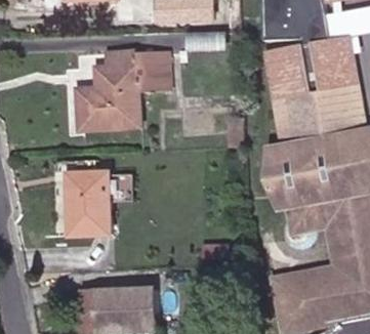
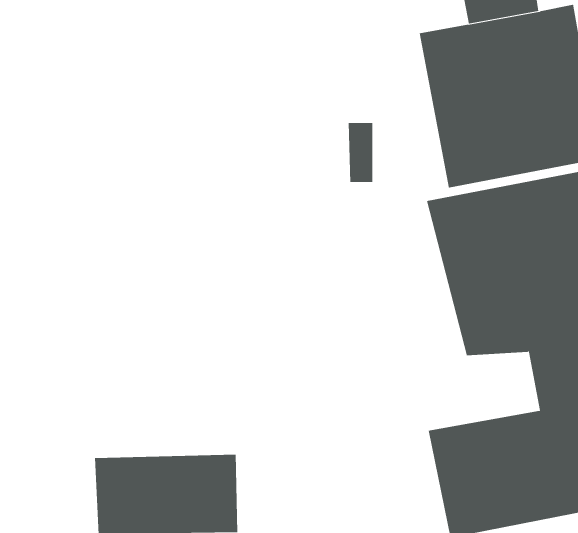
building: [74,48,172,134] -> none
building: [67,171,115,238] -> none

